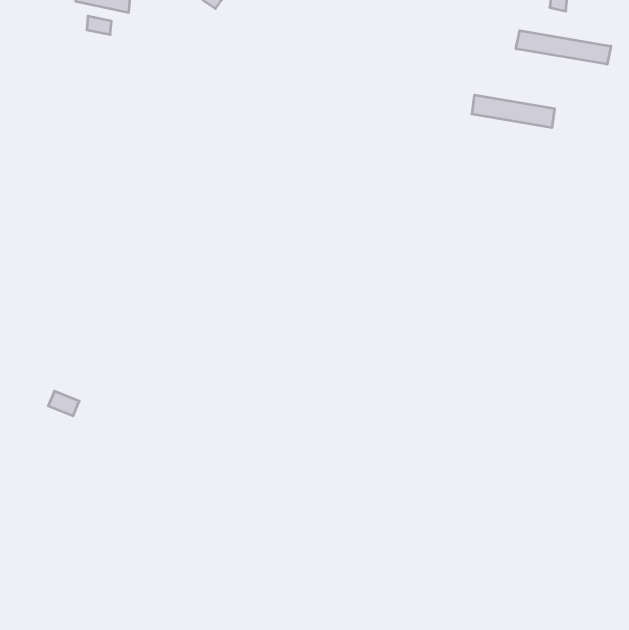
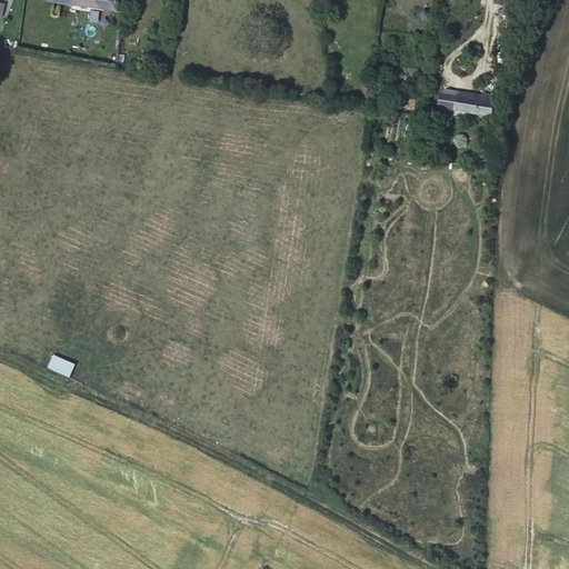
building: [516,31,611,64] -> none

